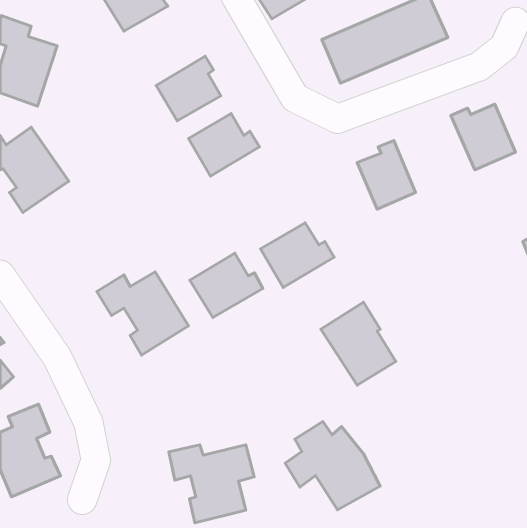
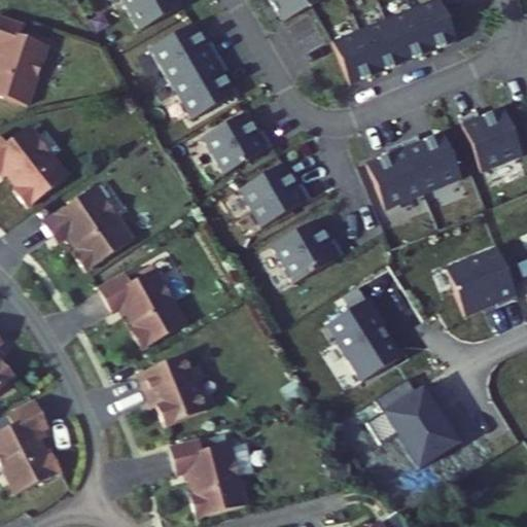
building: none -> [138,24,208,84]
building: none -> [394,129,454,190]
building: none -> [46,185,136,271]
building: none -> [447,245,522,315]
building: [190,253,263,318] -> [229,163,301,226]
building: none -> [140,354,211,424]
building: [285,421,380,510] -> [368,384,462,471]

